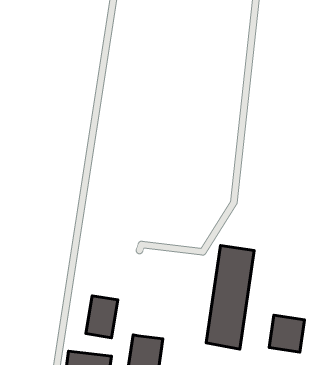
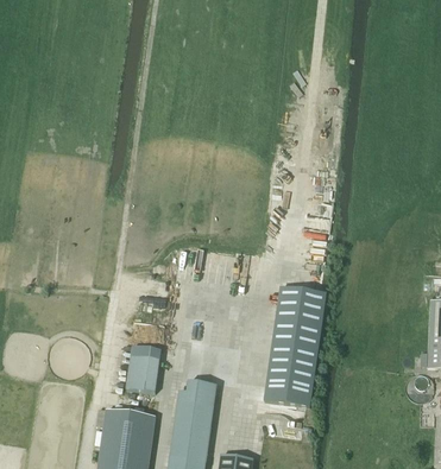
building: [269,315,305,352] -> none

